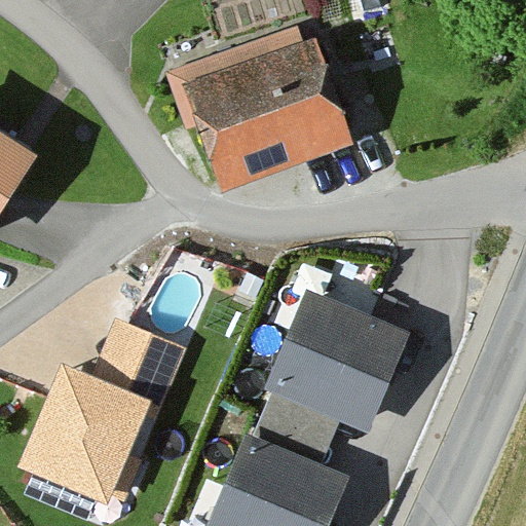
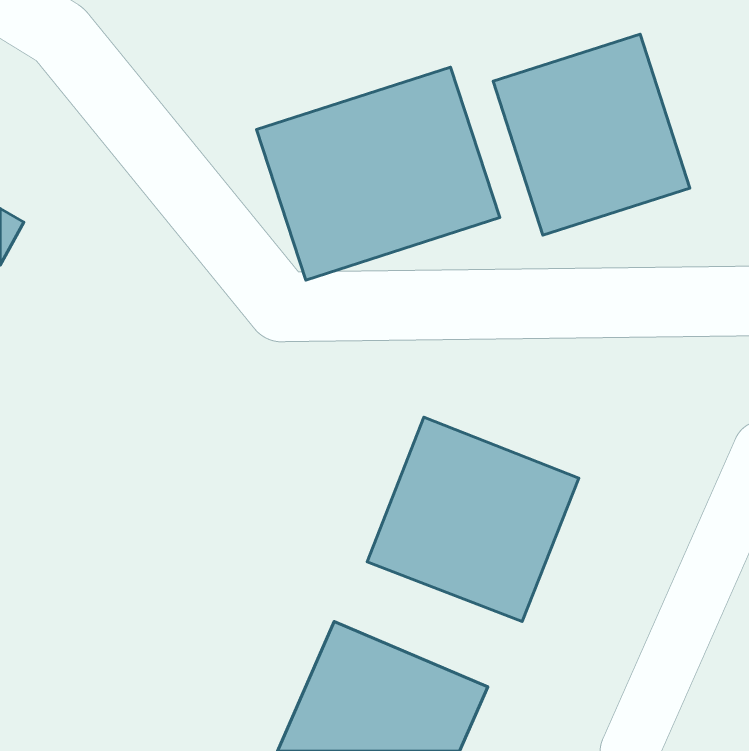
building: none -> [493,34,690,235]
building: [17,321,192,510] -> none

